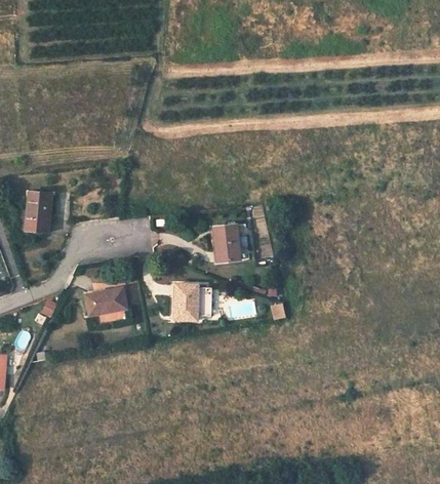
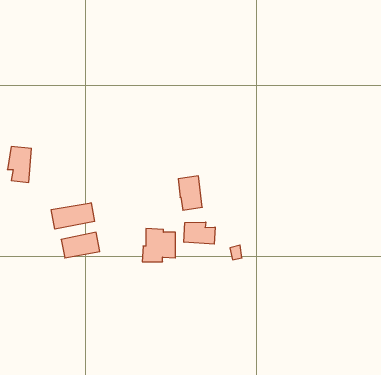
building: none -> [51,203,95,229]
building: none -> [184,222,215,244]

